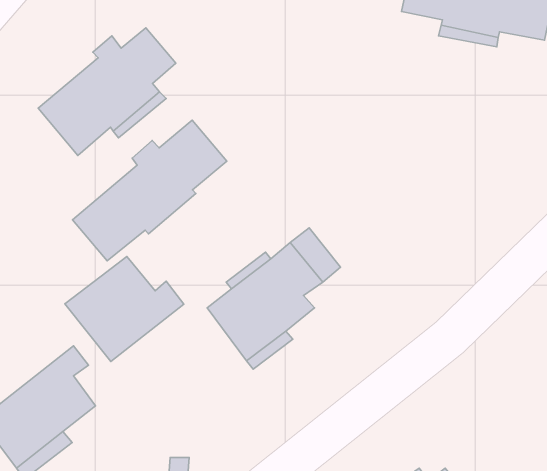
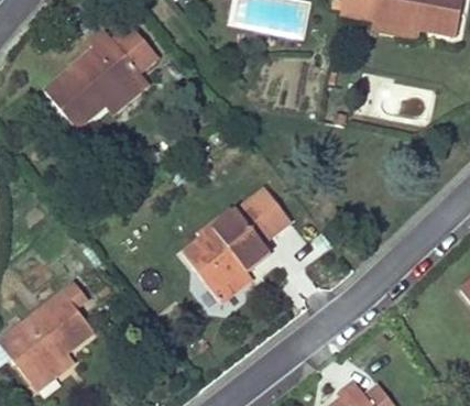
building: [72,120,227,261] -> none
building: [65,256,184,361] -> none

